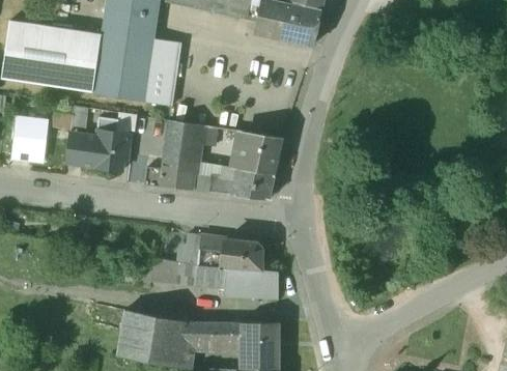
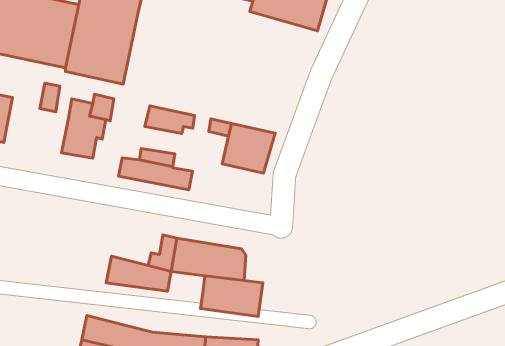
building: [145,39,182,107] -> none
building: [68,132,98,167] -> none
building: [165,139,200,163] -> none
building: [209,167,275,200] -> none
building: [196,266,228,286] -> none

